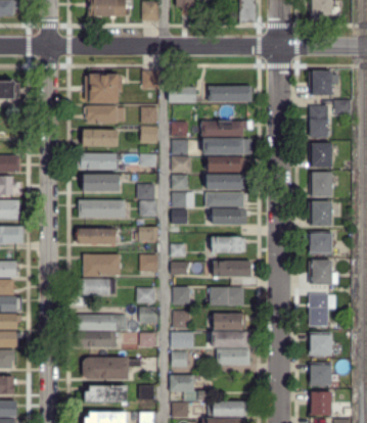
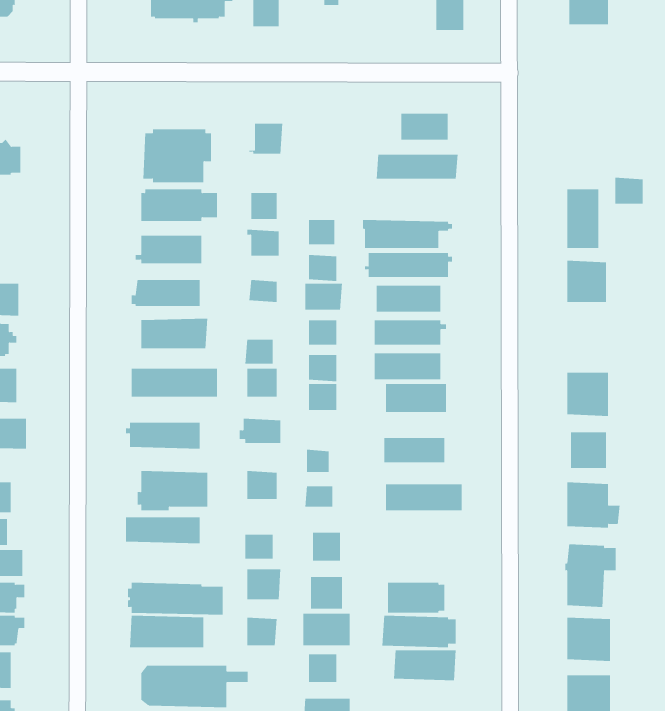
building: [309,72,337,94] -> none
building: [171,87,196,101] -> [400,113,449,140]
building: [309,174,331,196] -> none
building: [207,287,243,304] -> none

